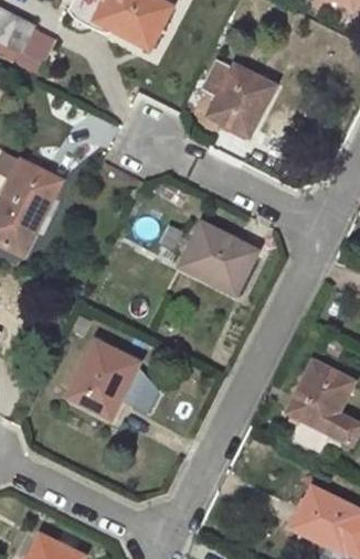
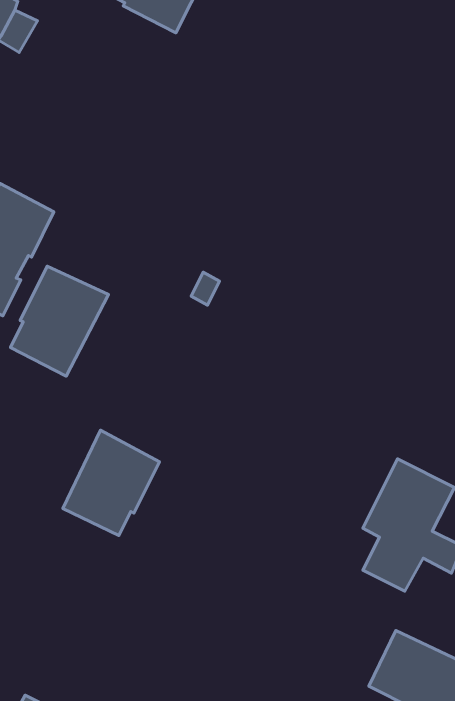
building: [204,62,274,136] -> none
building: none -> [10,266,108,376]
building: [181,224,258,292] -> none

